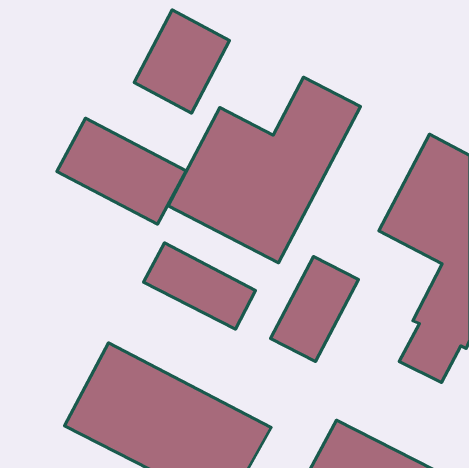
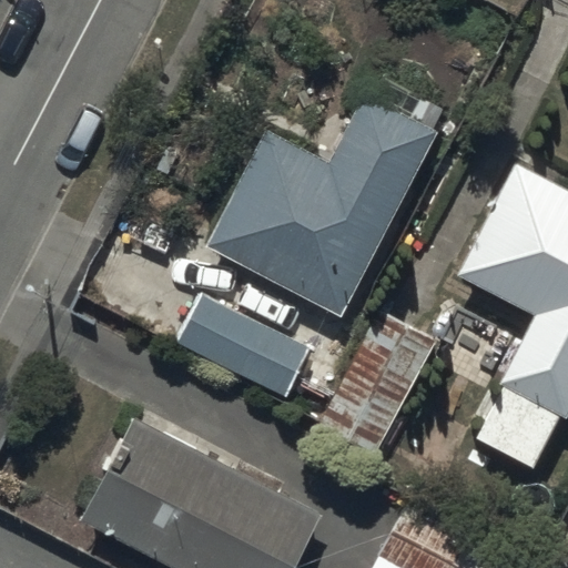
building: [134,10,230,113] -> none
building: [57,118,186,224] -> none

